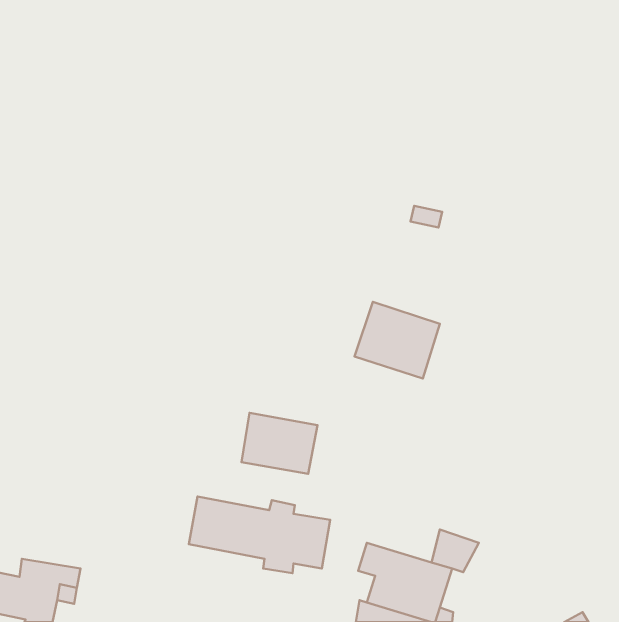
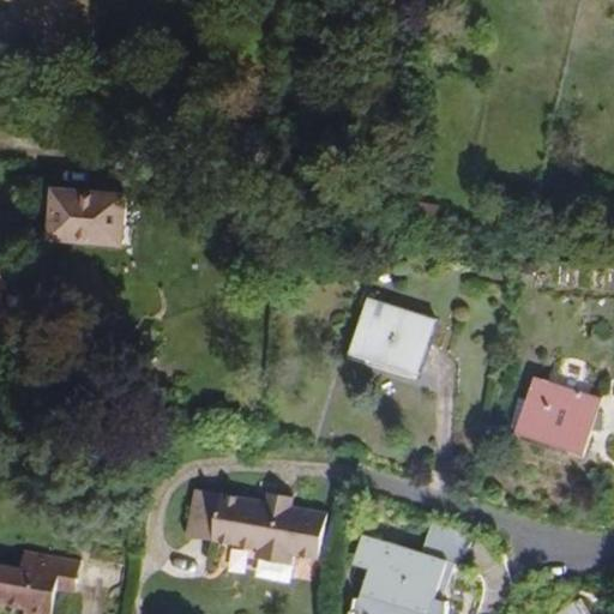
building: none -> [50,192,122,243]
building: none -> [516,377,603,452]
building: [241,413,318,474] -> none

